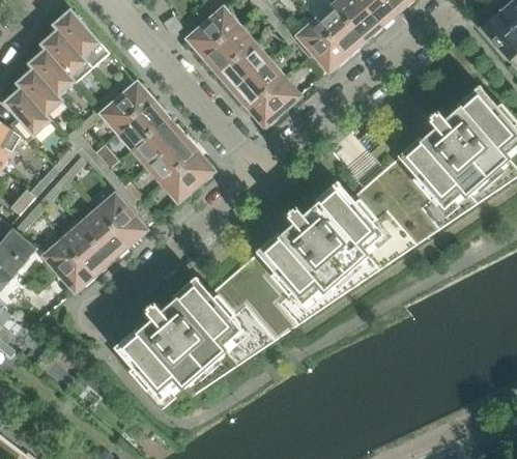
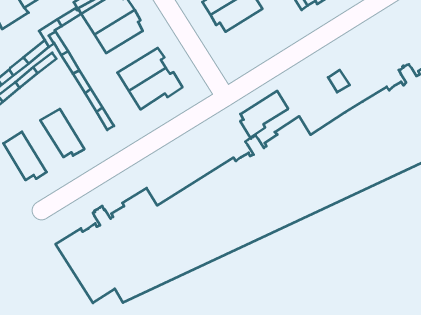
building: [251,79,297,130] -> [240,91,288,137]
building: [135,120,185,166] -> none
building: [97,196,144,248] -> none
building: [63,226,109,277] -> none

